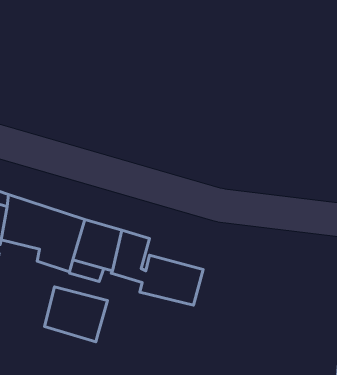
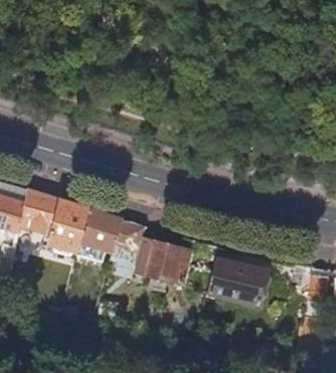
building: none -> [208,259,269,306]
building: [45,287,107,342] -> none

